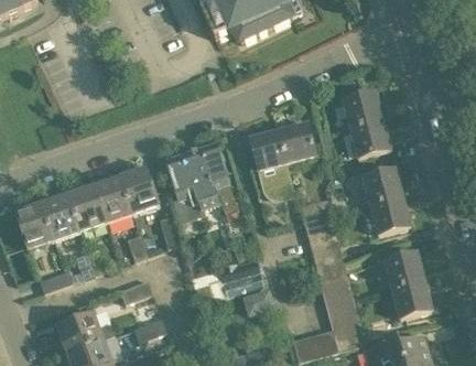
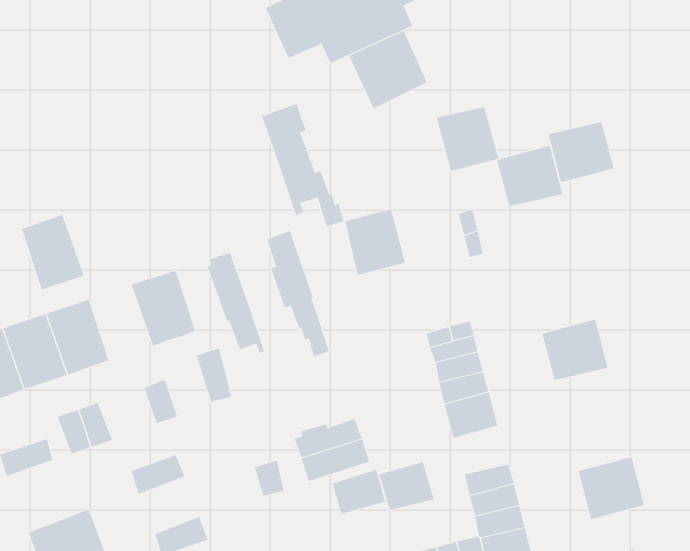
building: none -> [349,30,427,109]
building: [349,119,390,157] -> [548,121,615,183]
building: [278,121,316,161] -> [436,107,499,172]
building: [180,147,230,222] -> [261,104,344,227]
building: [363,166,402,204] -> none
building: [94,174,132,220] -> [21,214,85,290]
building: [383,250,424,288] -> none
building: [315,260,349,290] -> [378,462,434,511]

